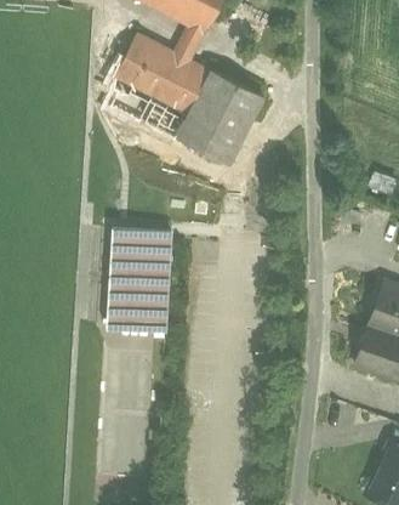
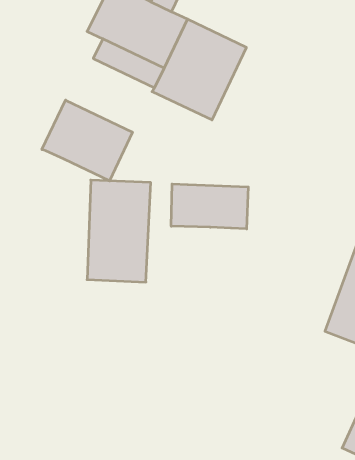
building: none -> [42,100,132,181]
building: none -> [171,184,248,229]

